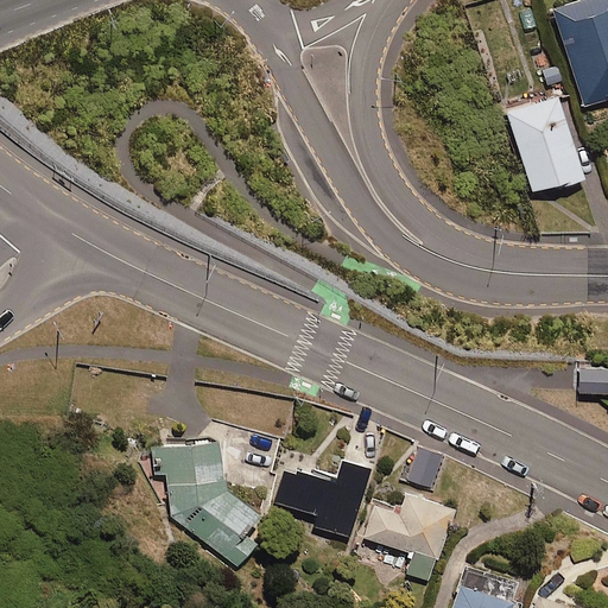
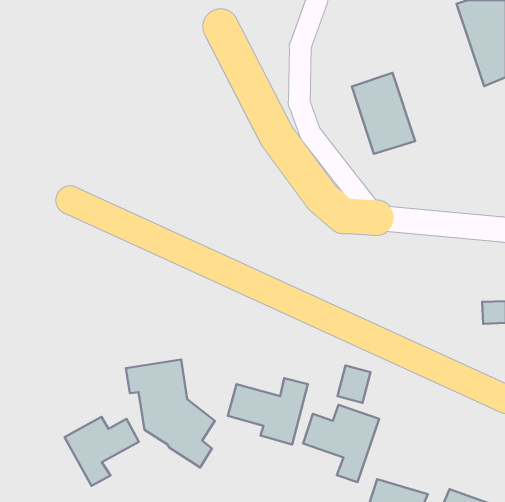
building: [504,96,580,194] -> [352,73,415,154]
building: none -> [64,417,139,486]

